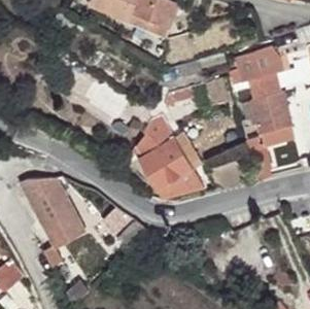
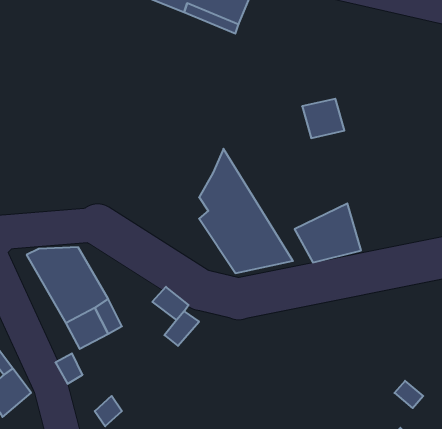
building: [233,45,295,145] -> none

